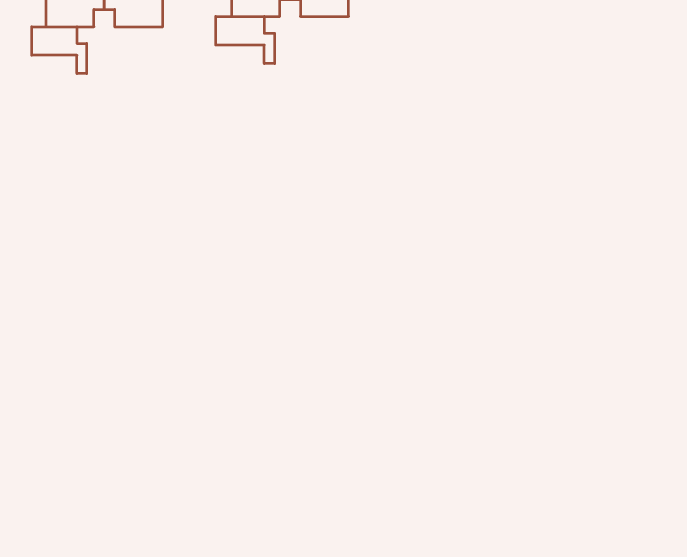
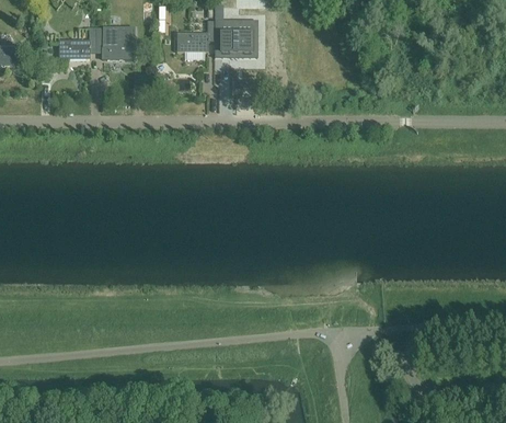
building: [216,16,275,64] -> none
building: [32,27,87,74] -> none

